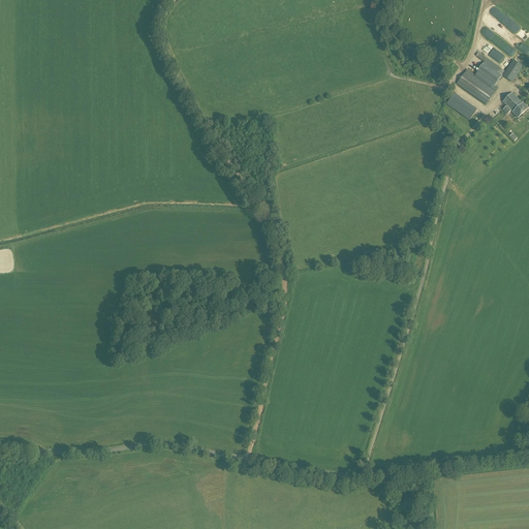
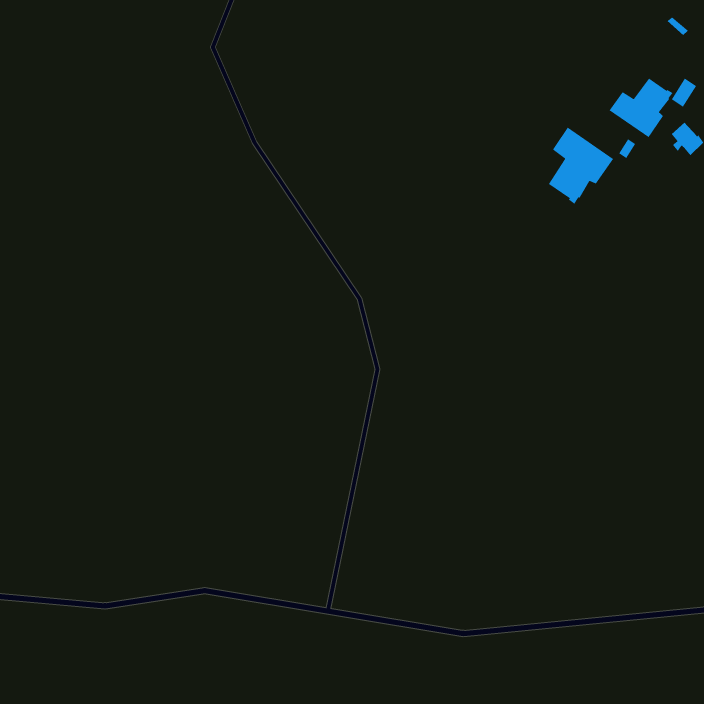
building: none -> [548,127,614,205]

